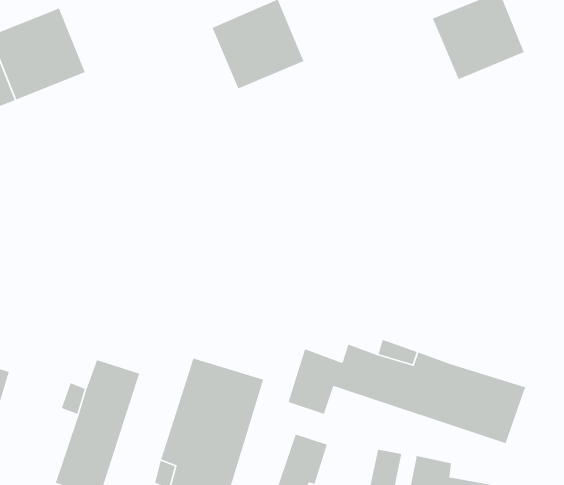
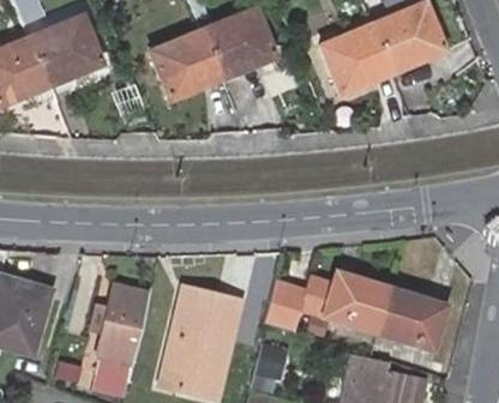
building: none -> [321,22,395,91]
building: none -> [152,29,224,100]

